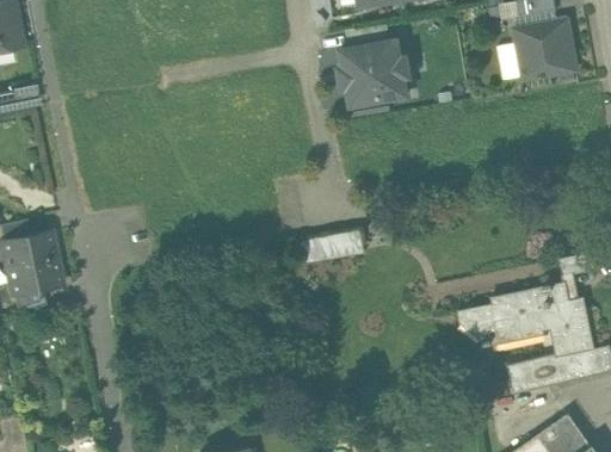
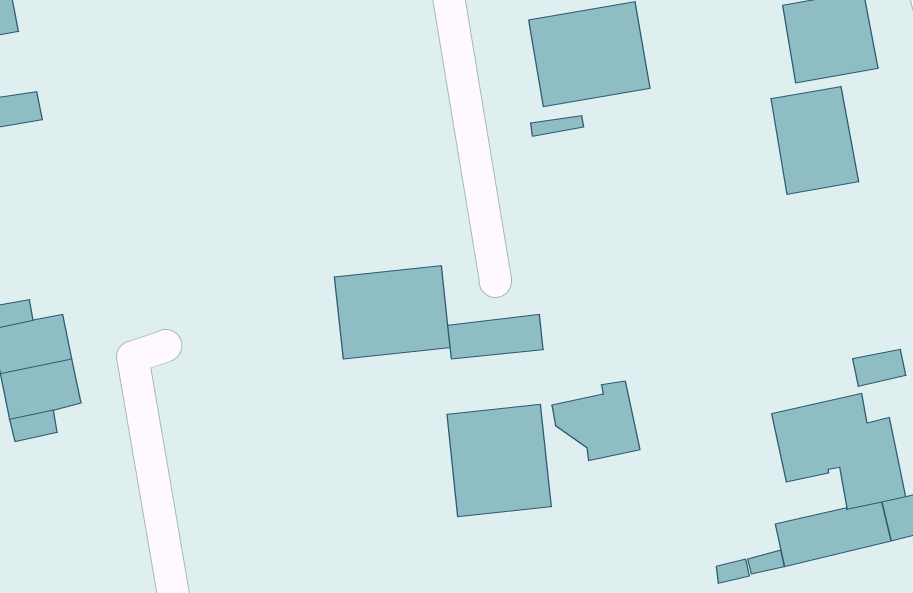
building: none -> [771,86,858,194]
building: none -> [335,266,450,359]
building: none -> [447,404,551,517]
building: [458,295,516,346] -> [552,381,640,460]

